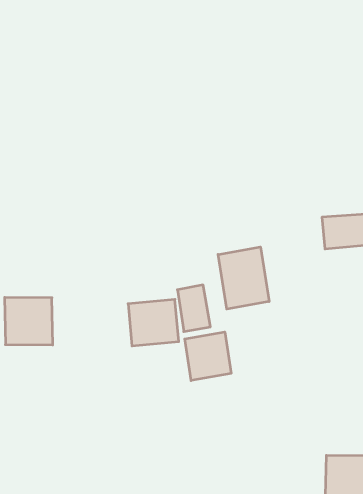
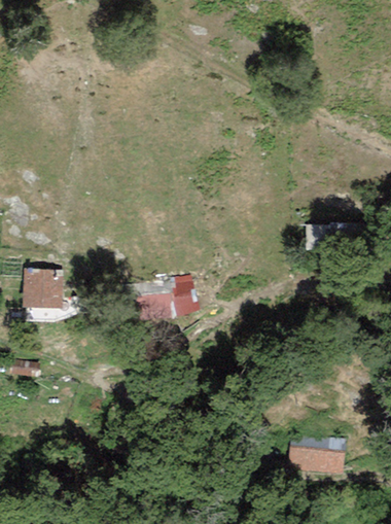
building: [218,247,269,309] -> none
building: [185,332,231,381] -> none

